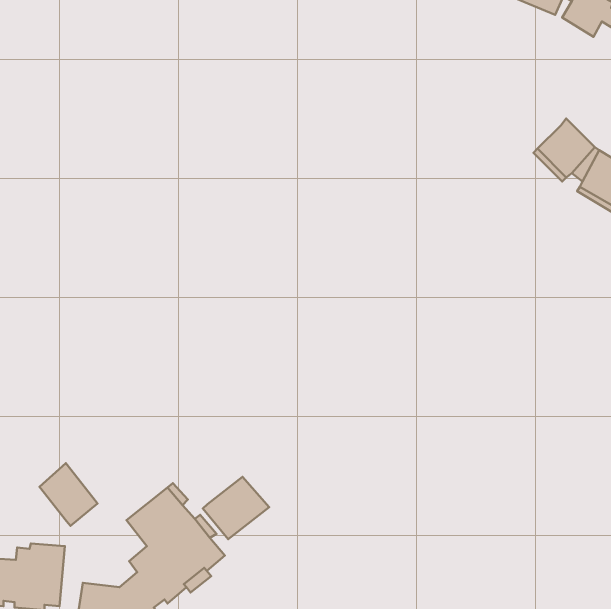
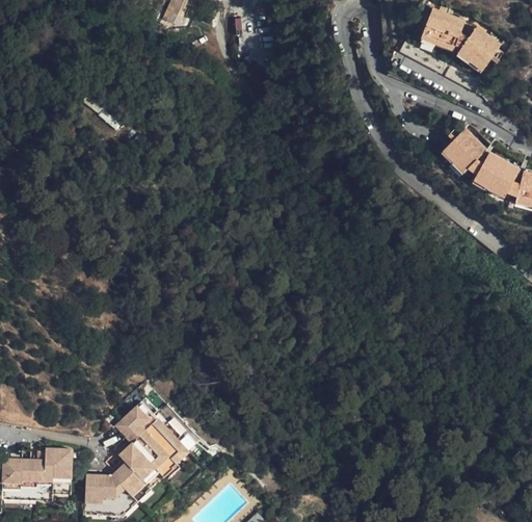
building: [39,463,97,526] -> none
building: [203,477,269,539] -> none

